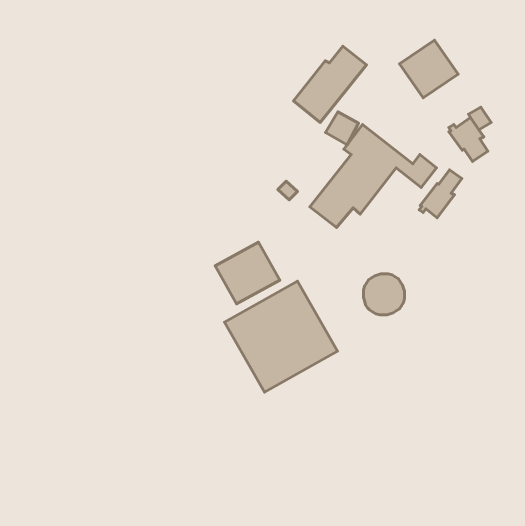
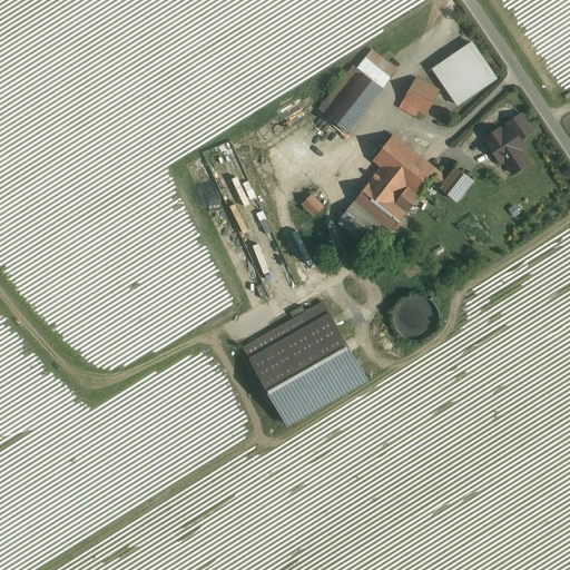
building: [325,112,358,145] -> [402,79,438,115]
building: [419,170,462,218] -> none
building: [215,242,280,304] -> none

